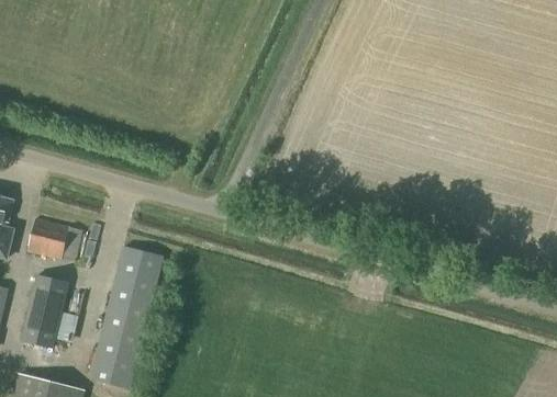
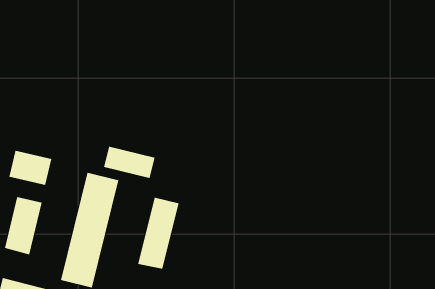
building: none -> [103,146,155,179]
building: none -> [137,197,179,269]

